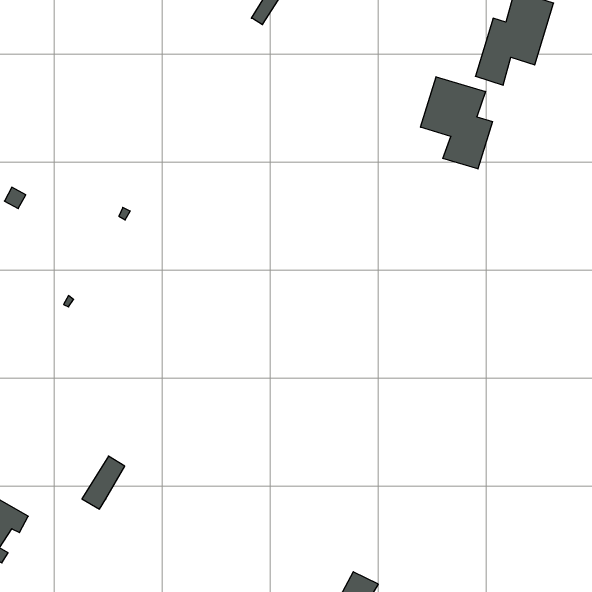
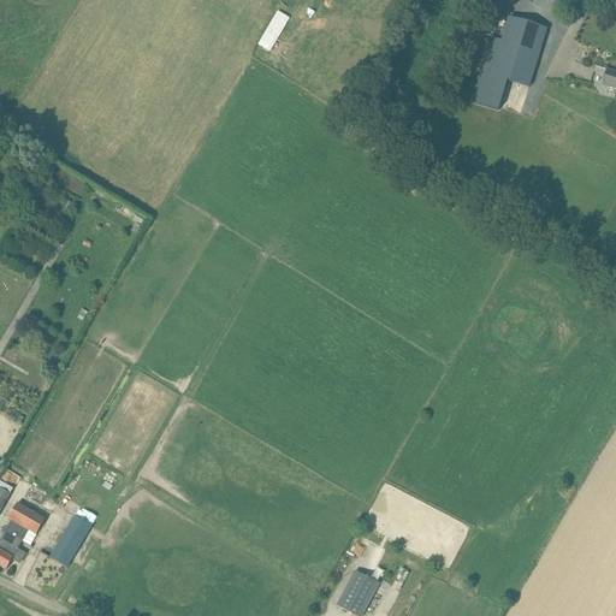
building: [421,77,493,169] -> none
building: [82,456,125,509] -> [51,514,91,564]

